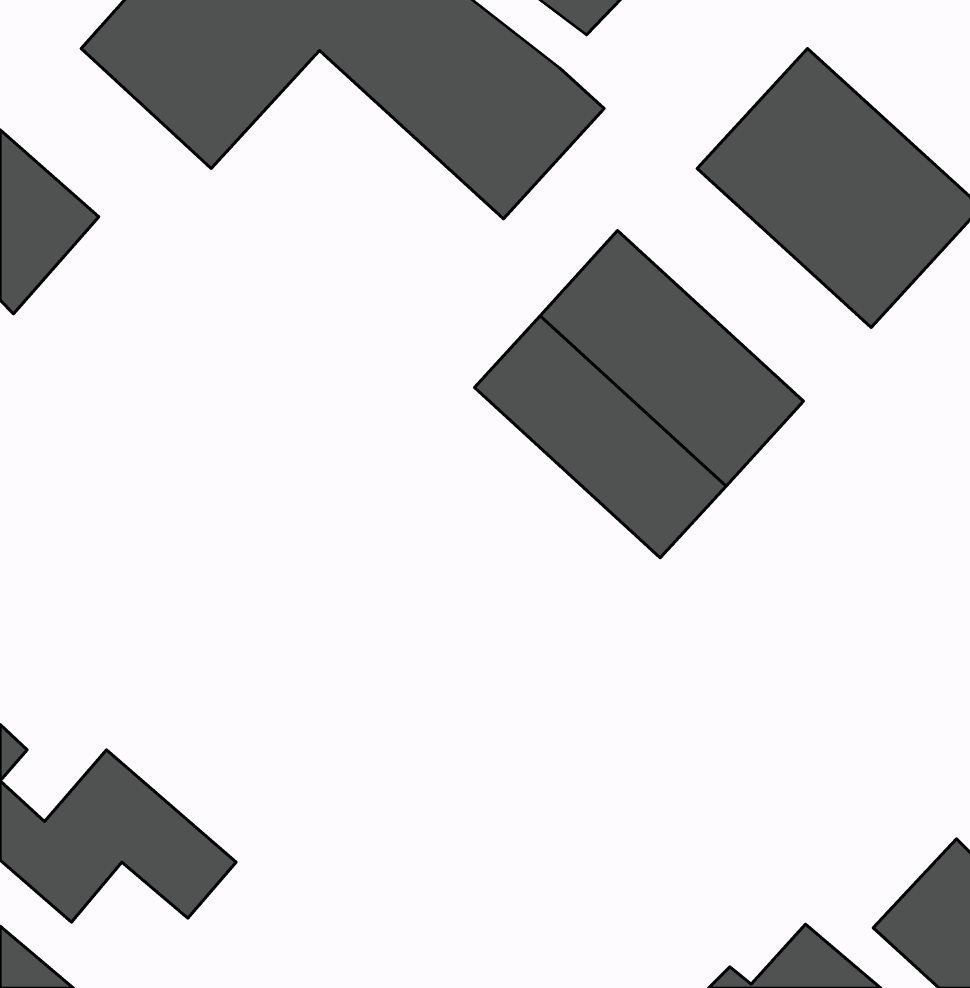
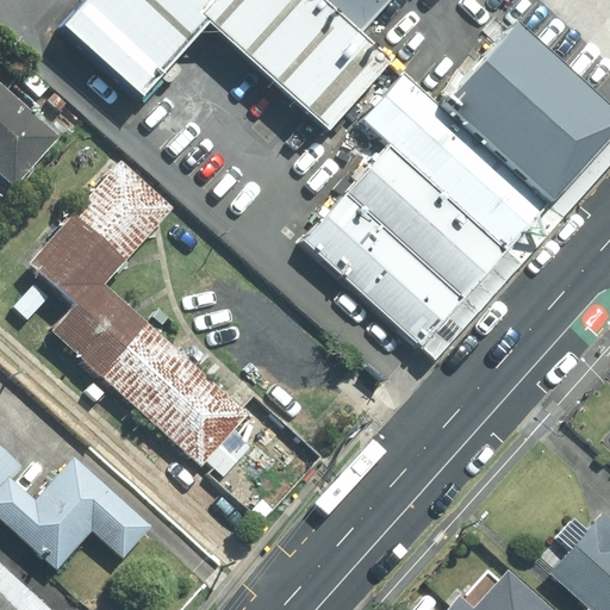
building: none -> [363,70,548,247]
building: none -> [30,162,254,469]

